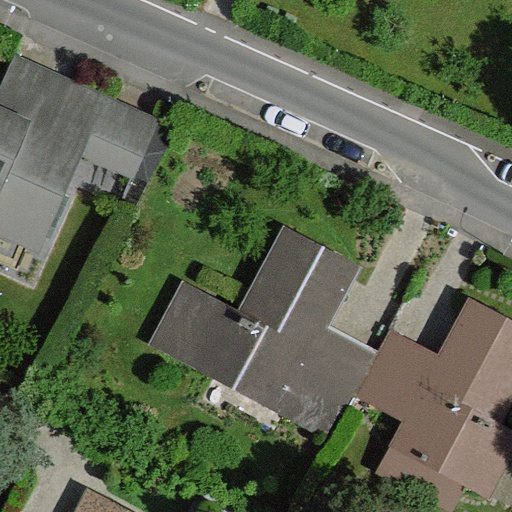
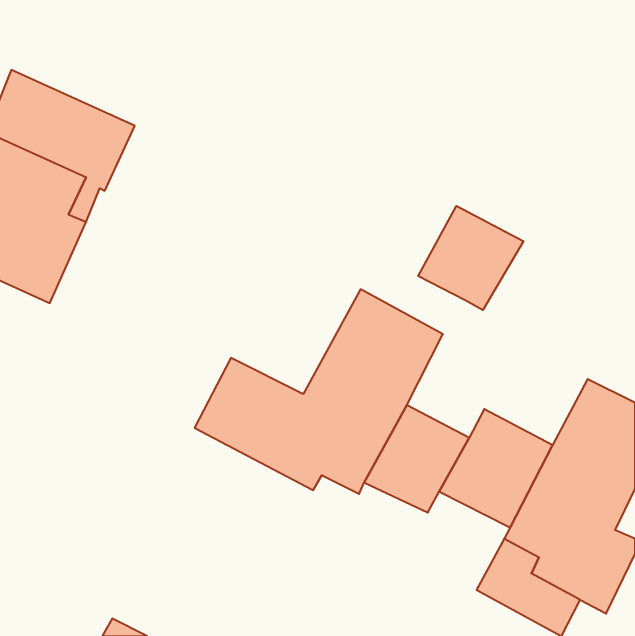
building: [84,101,157,176] -> none
building: none -> [418,206,523,310]

